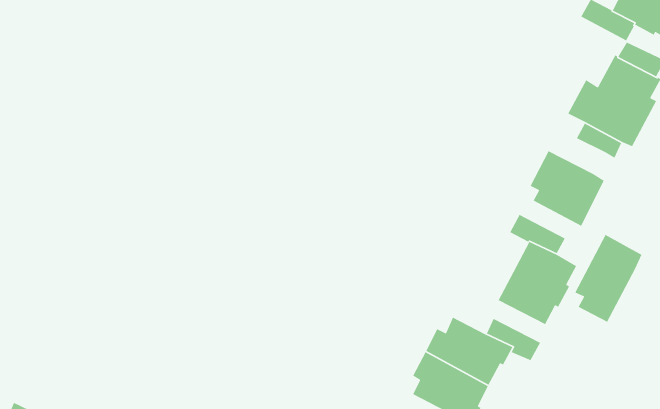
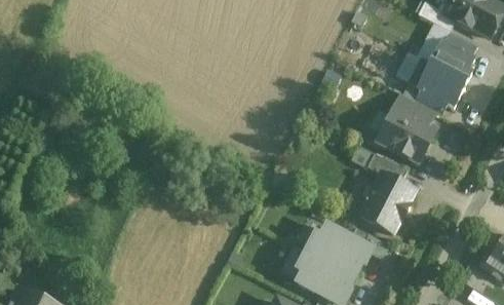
building: none -> [394,94,434,125]
building: [574,234,643,323] -> none

